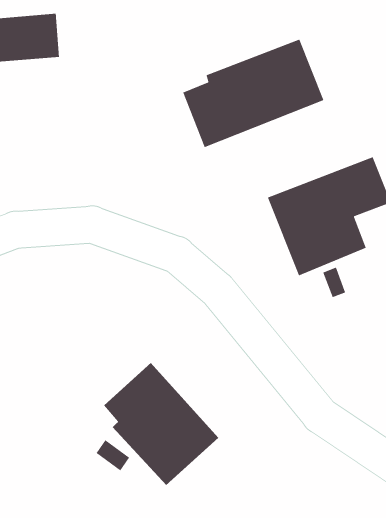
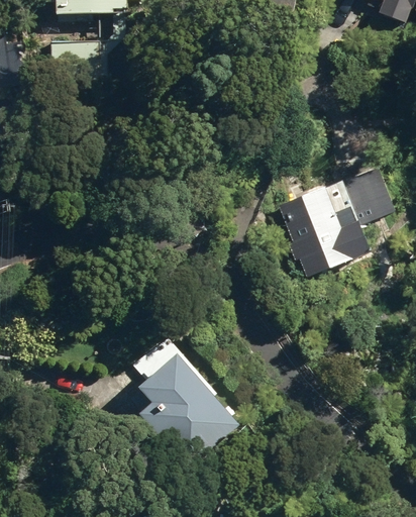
building: [182,39,325,148] -> none

